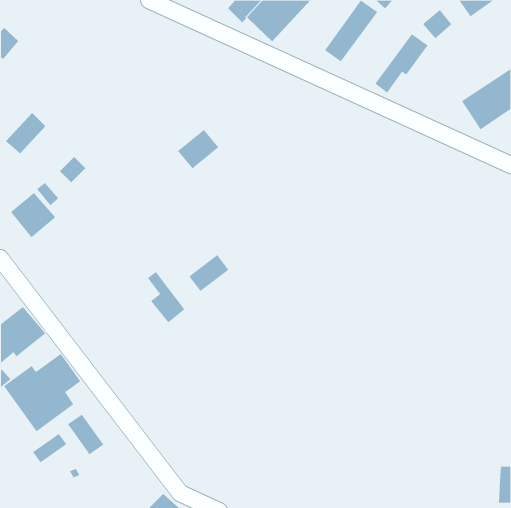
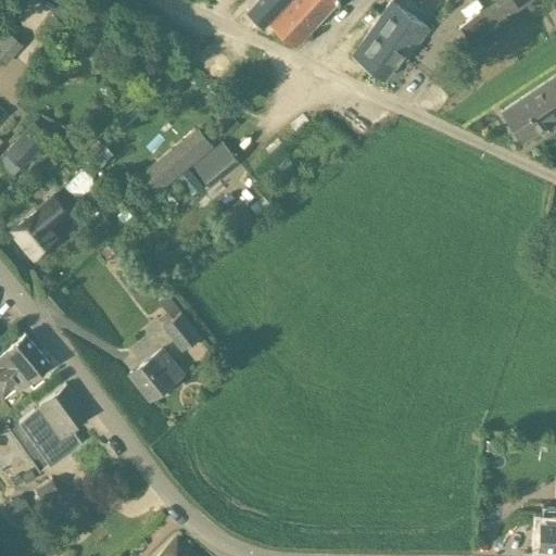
building: [374,34,428,94] -> [370,16,429,81]
building: none -> [140,127,214,193]
building: [189,254,229,292] -> none
building: none -> [130,352,181,402]
building: [67,414,104,455] -> none

